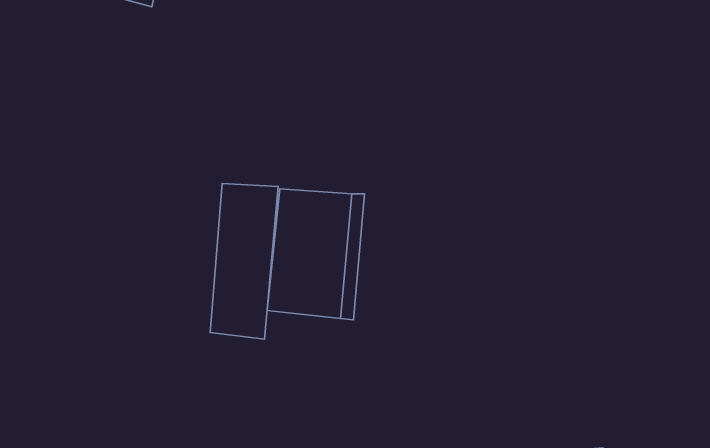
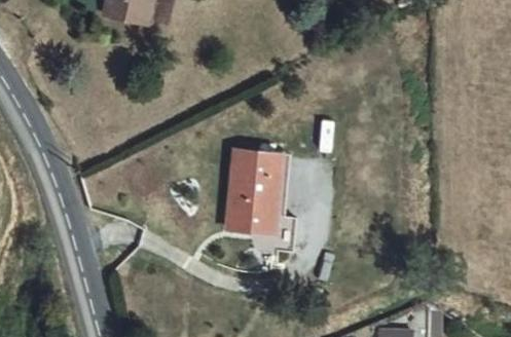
building: [210,183,278,339] -> none

